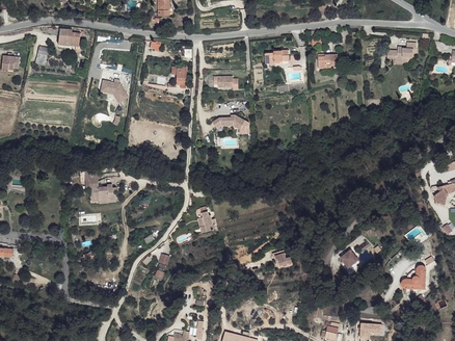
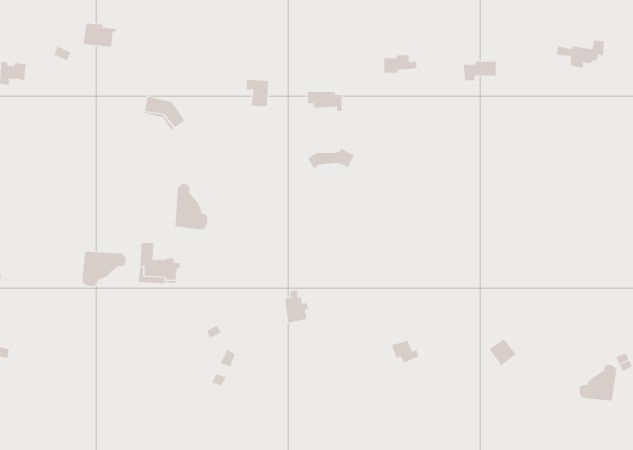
building: none -> [175,183,208,230]
building: none -> [82,251,126,287]

